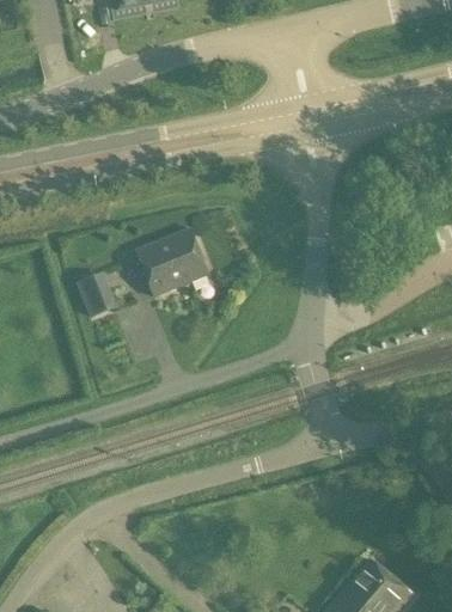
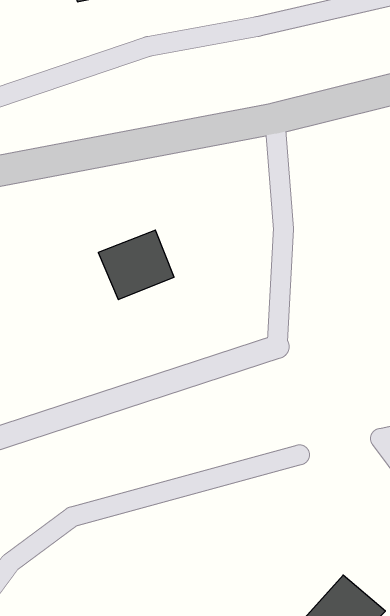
building: [77,271,117,318] -> none

